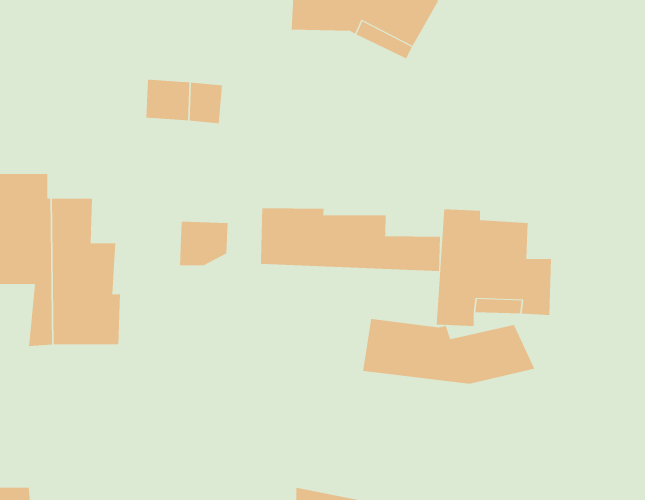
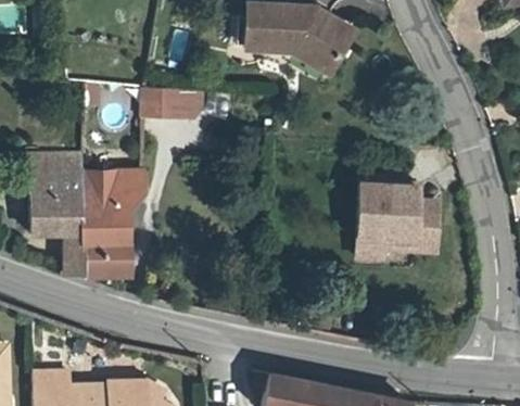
building: [260,207,440,272] -> none
building: [179,221,229,266] -> [112,170,147,202]
building: [362,318,535,385] -> none

